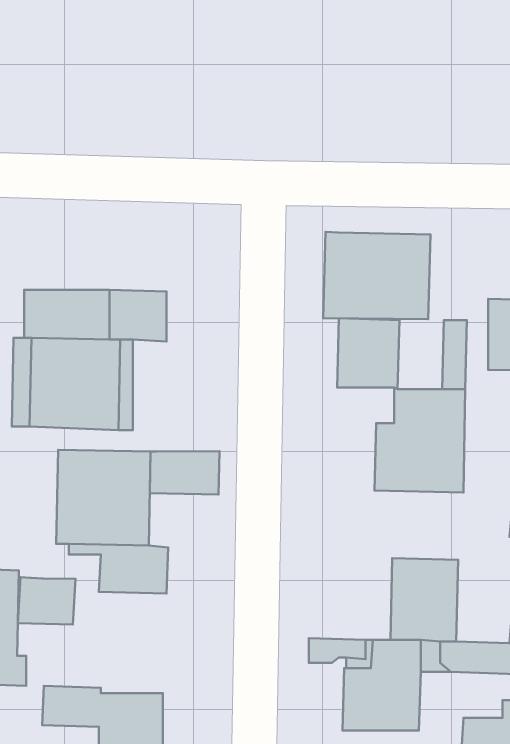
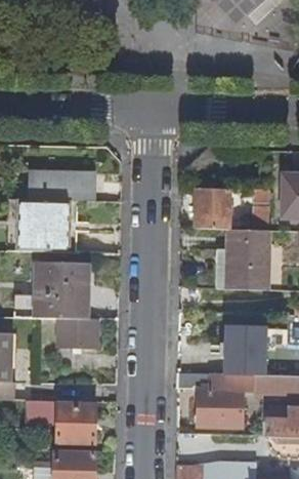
building: [323,232,430,319] -> none
building: [150,451,219,494] -> none
building: [18,577,75,625] -> none

